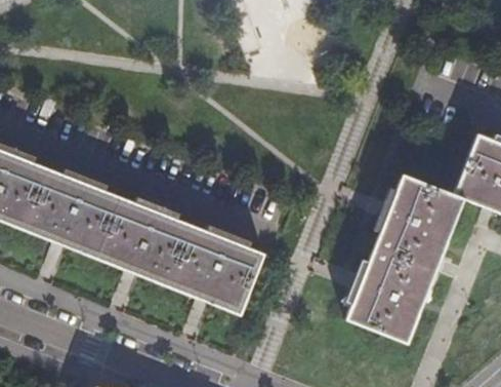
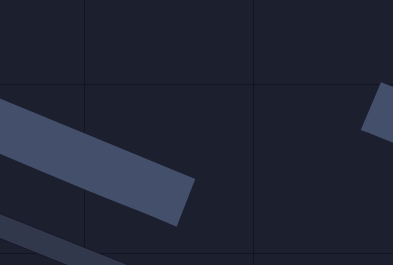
building: [346,171,466,338] -> none

